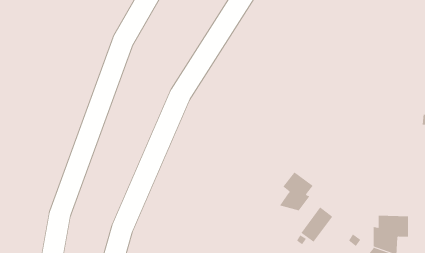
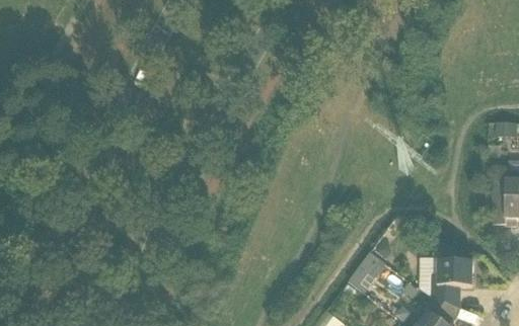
building: [279,171,314,211] -> none

